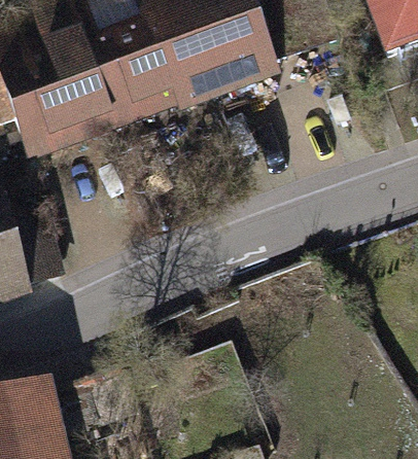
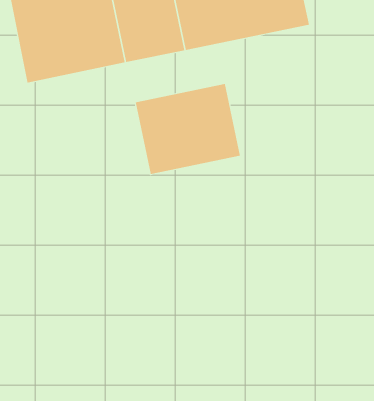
building: none -> [135,83,240,175]

